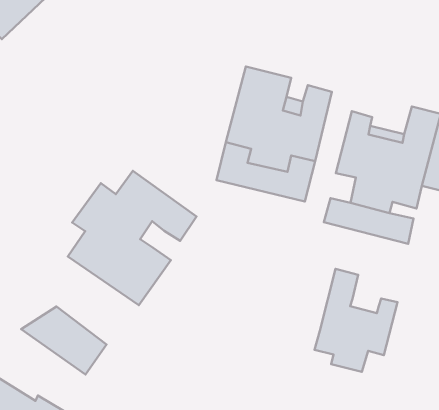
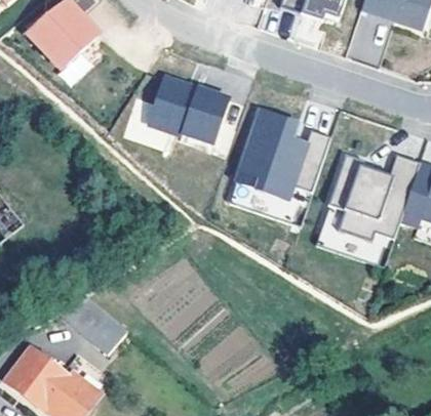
building: none -> [149,77,228,143]
building: [68,171,196,305] -> none
building: [315,269,397,372] -> none

